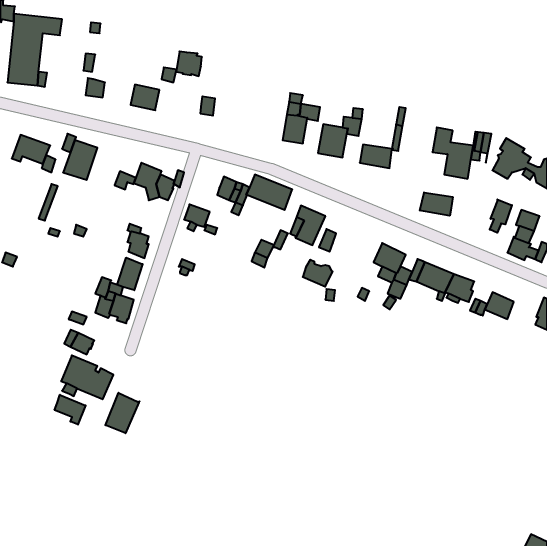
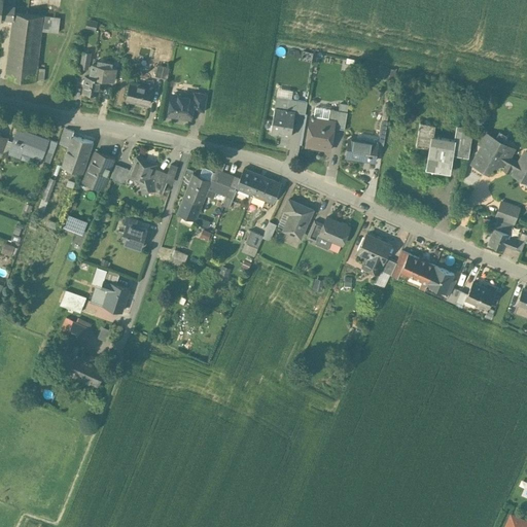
building: [176,51,202,76] -> [169,96,194,119]
building: none -> [90,64,117,82]
building: none -> [83,151,113,189]
building: none -> [182,174,211,205]
building: [420,192,453,216] -> none
building: [490,199,512,233] -> none
building: [117,258,143,290] -> none
building: [303,260,333,287] -> [320,218,349,244]
building: [105,393,140,433] -> none
building: [55,395,86,425] -> none

